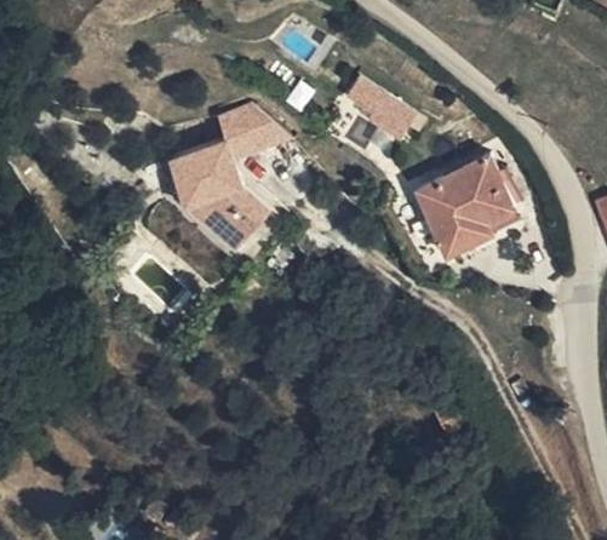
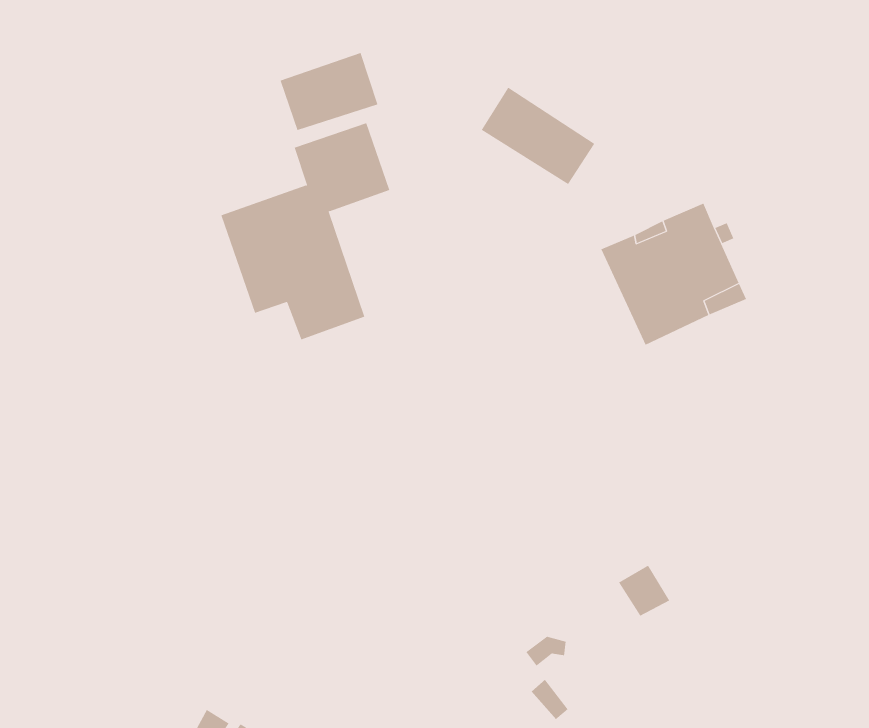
building: none -> [280,52,378,131]

